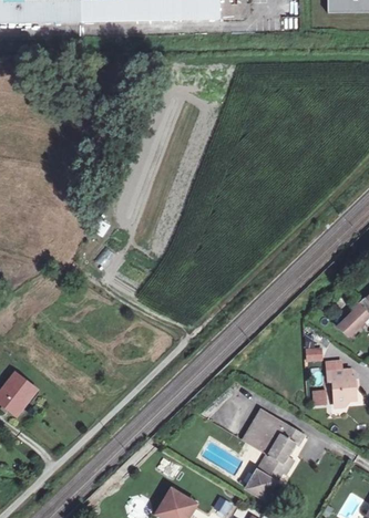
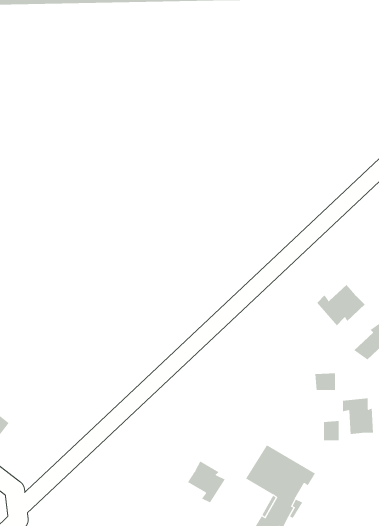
building: none -> [317,284,366,326]
building: none -> [187,461,225,503]

